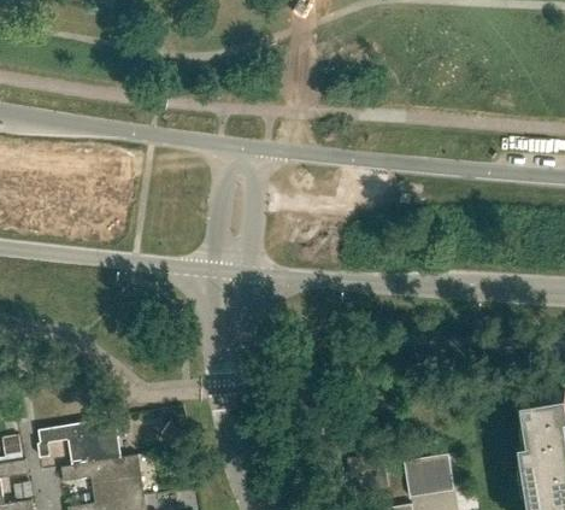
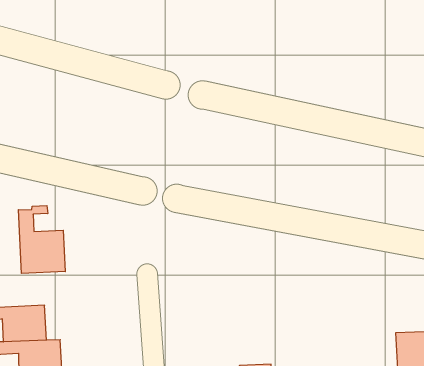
building: none -> [18,206,65,273]

